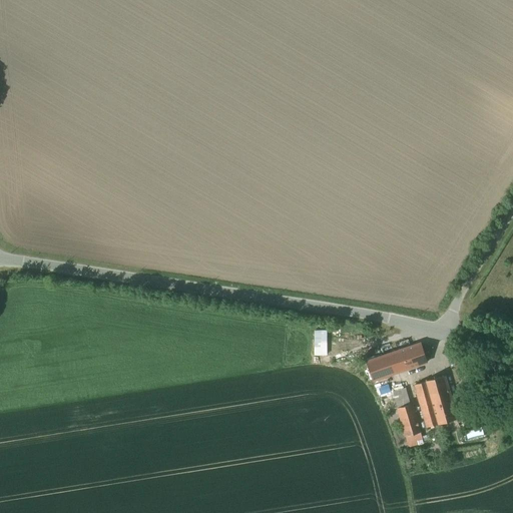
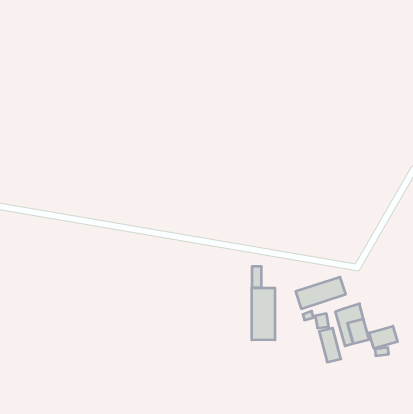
building: none -> [252,288,275,340]
building: none -> [369,326,398,348]

